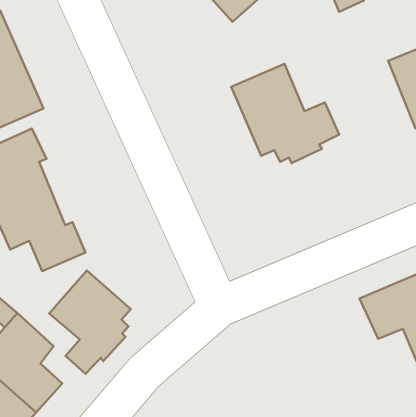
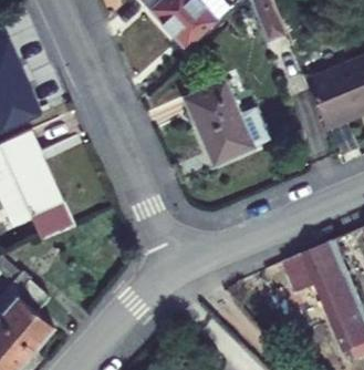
building: [49,271,131,374] -> none

